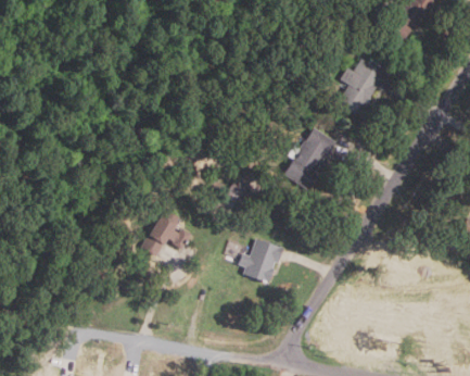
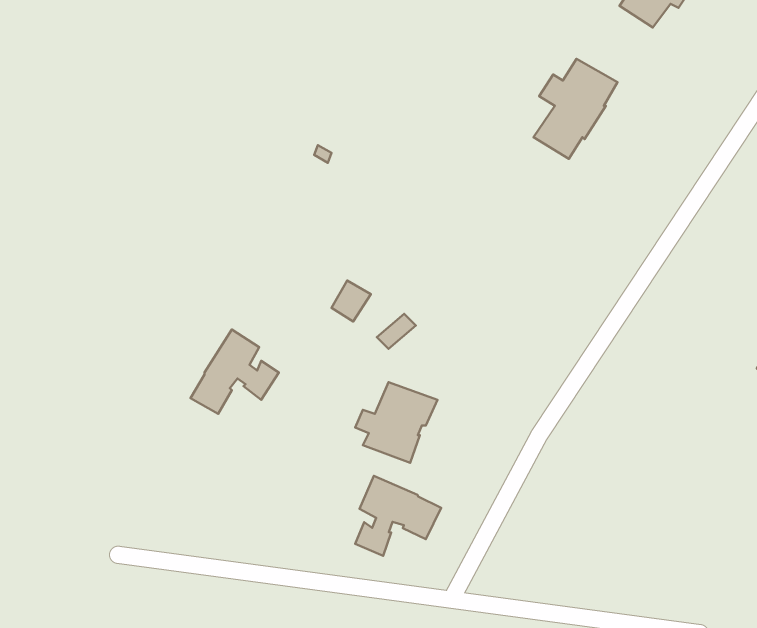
building: [283,126,336,189] -> none
building: none -> [355,476,441,556]

